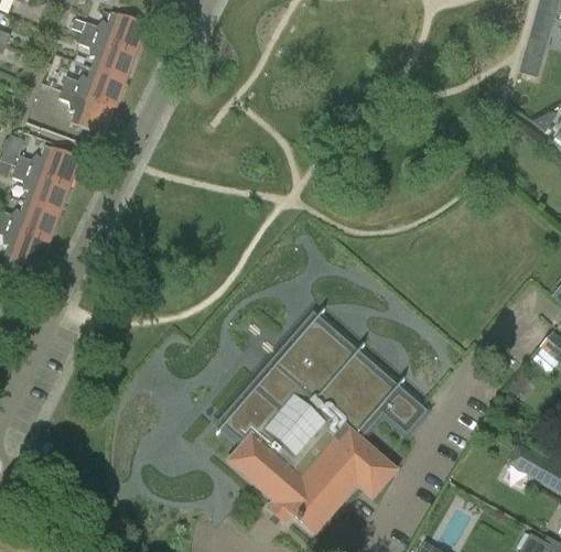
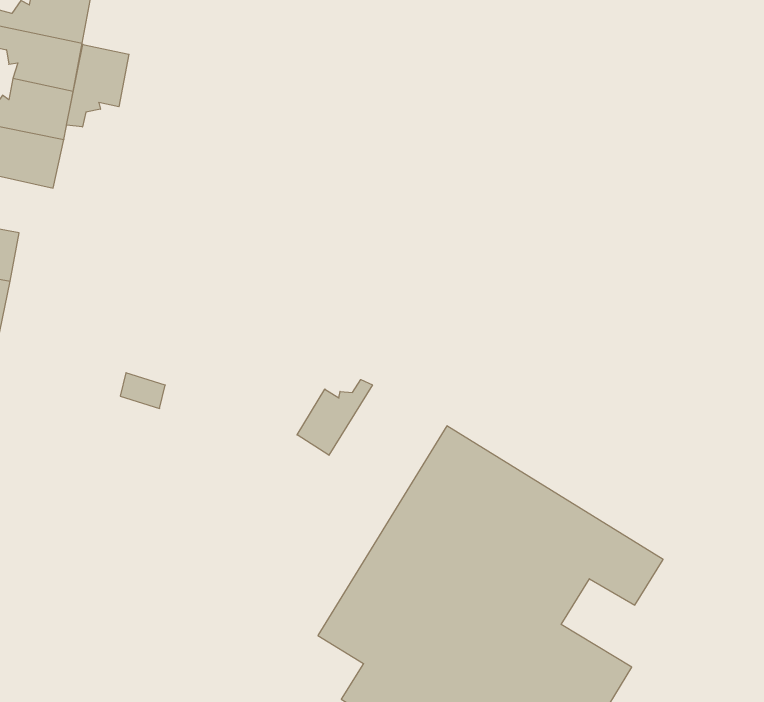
building: none -> [67,44,129,127]
building: none -> [297,380,372,455]

